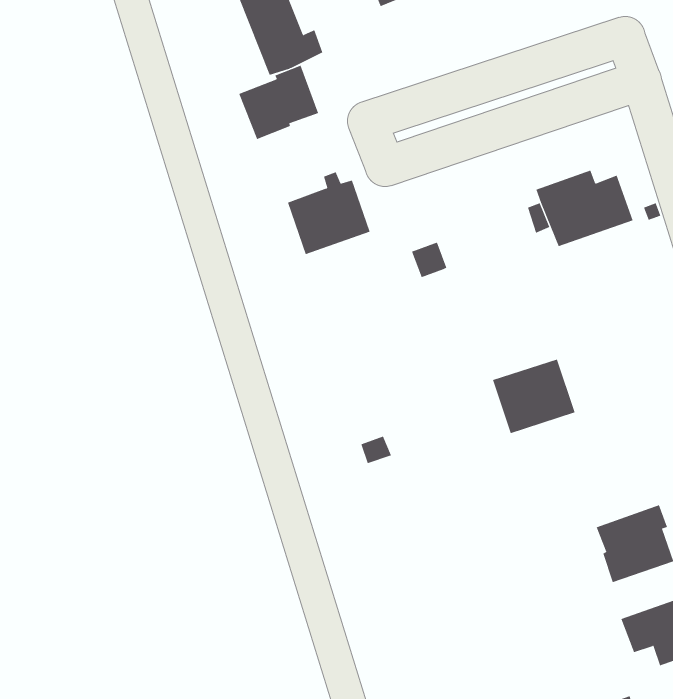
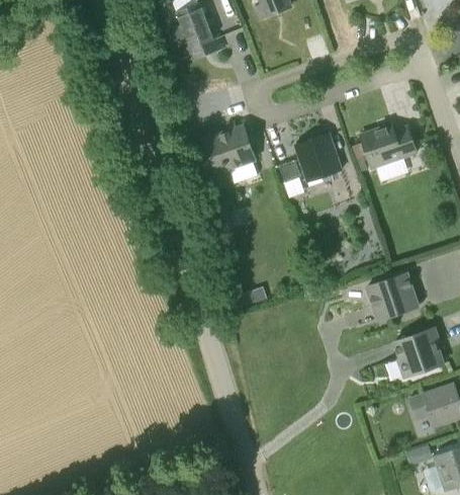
building: [239,65,319,140] -> none
building: none -> [295,134,342,182]
building: [492,359,575,434] -> [367,273,419,320]

